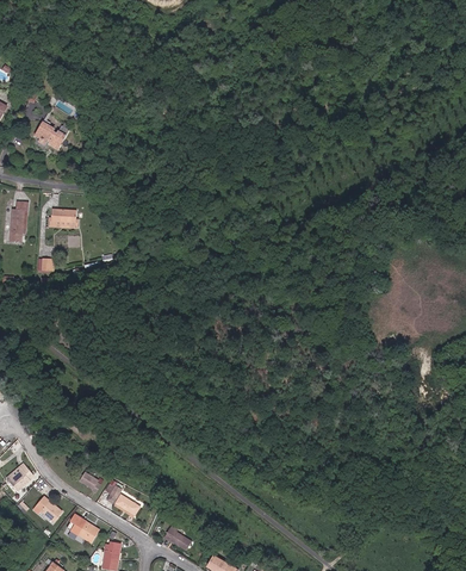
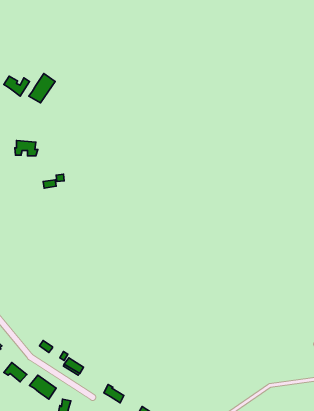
building: none -> [29,74,55,103]

